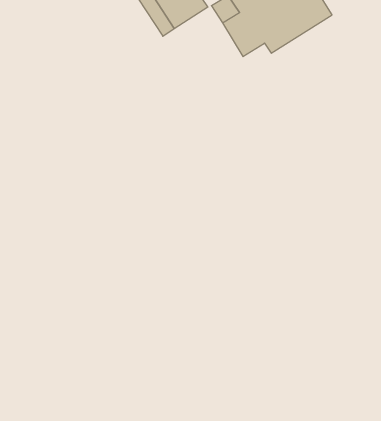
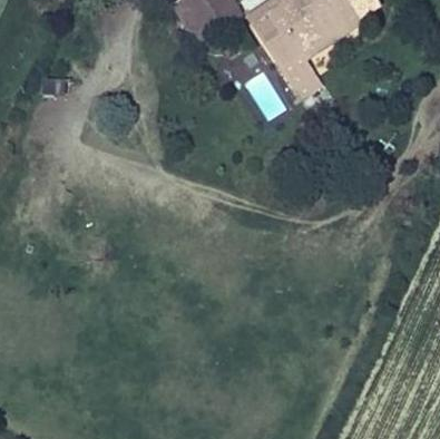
building: none -> [277,50,322,100]

